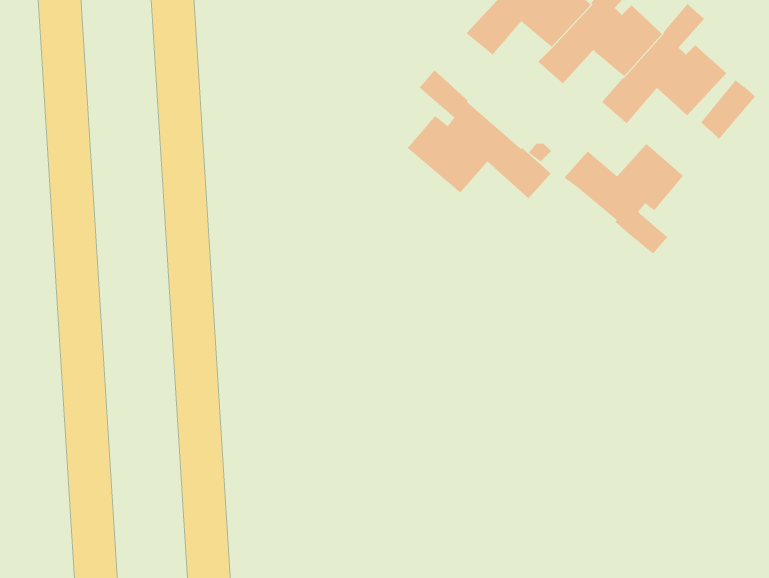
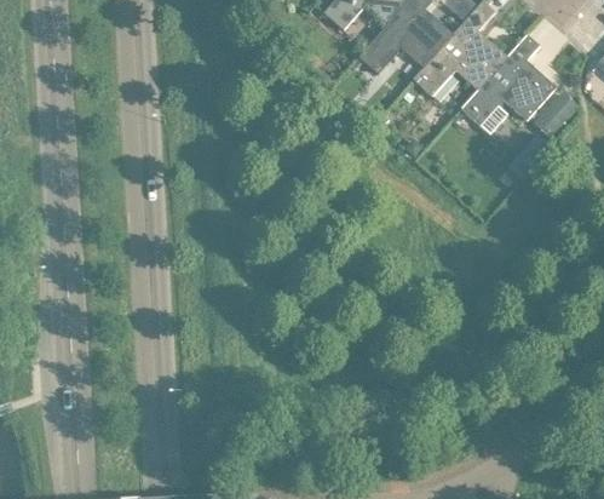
building: [407,69,551,199] -> none
building: [563,142,685,254] -> none

